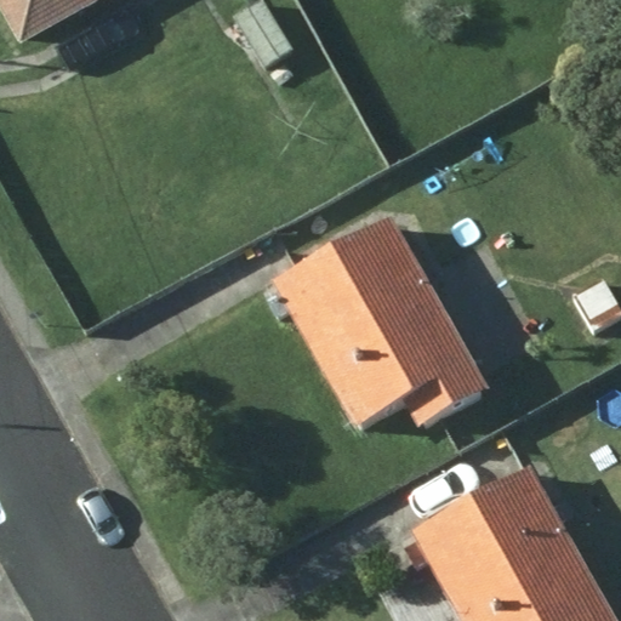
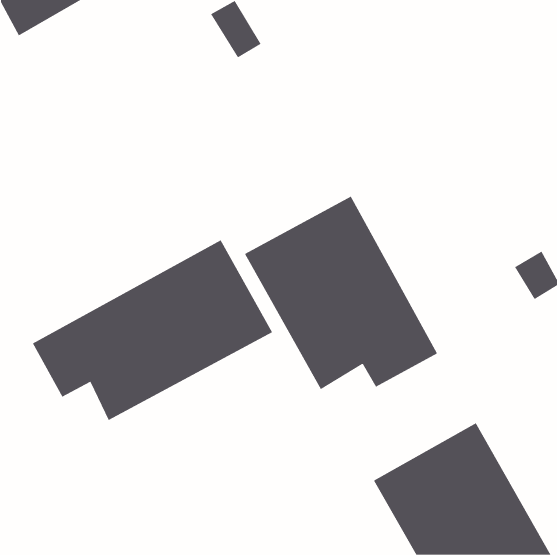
building: none -> [32,240,273,421]

